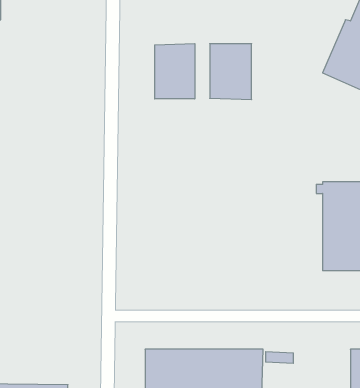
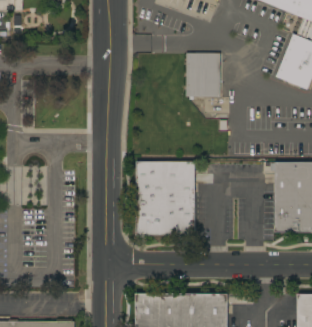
building: [155,44,195,99] -> none
building: none -> [136,162,195,236]

